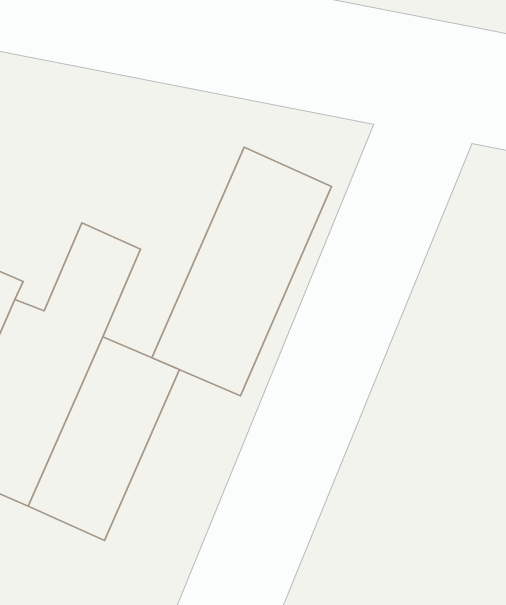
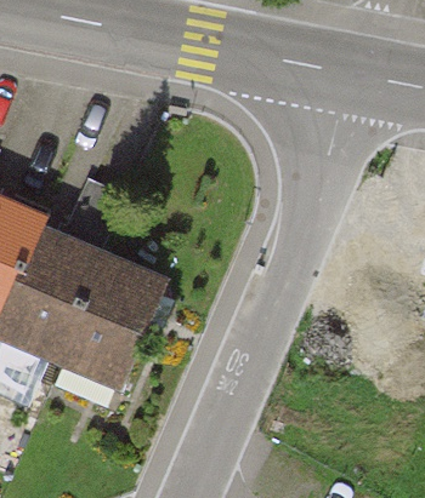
building: [152,147,331,396] -> none

